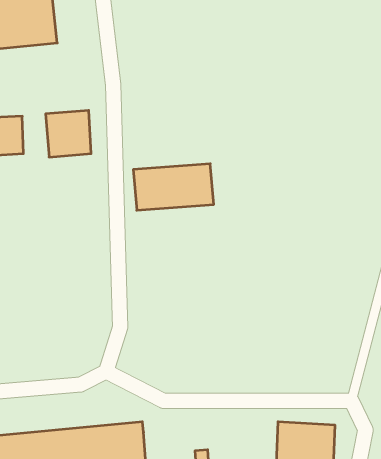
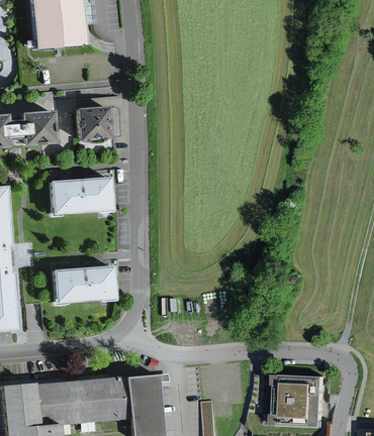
building: [133,164,214,210] -> [45,177,115,217]
building: none -> [53,266,117,306]

